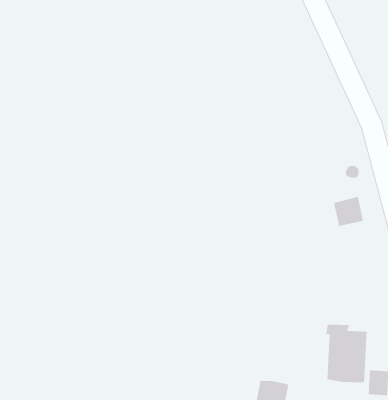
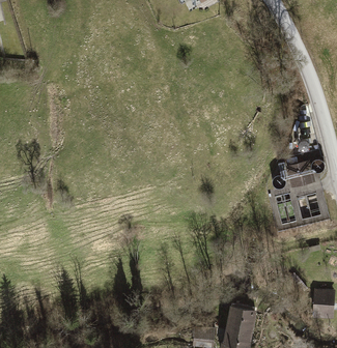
building: [325,324,367,383] -> none

